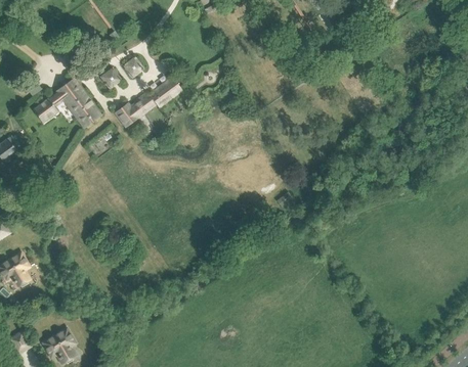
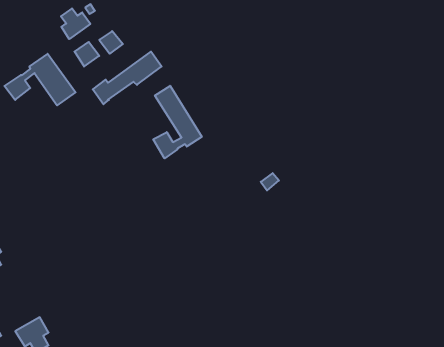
building: none -> [61,8,90,39]
building: none -> [153,86,202,158]

